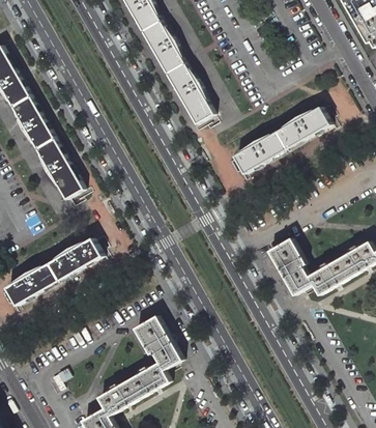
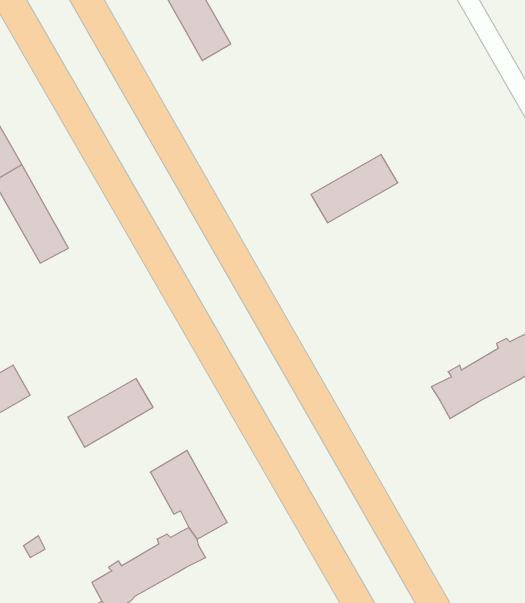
building: [165,63,212,124] -> none
building: [276,107,329,149] -> none
building: [48,238,100,281] -> [68,379,153,447]
building: [267,238,312,295] -> none

